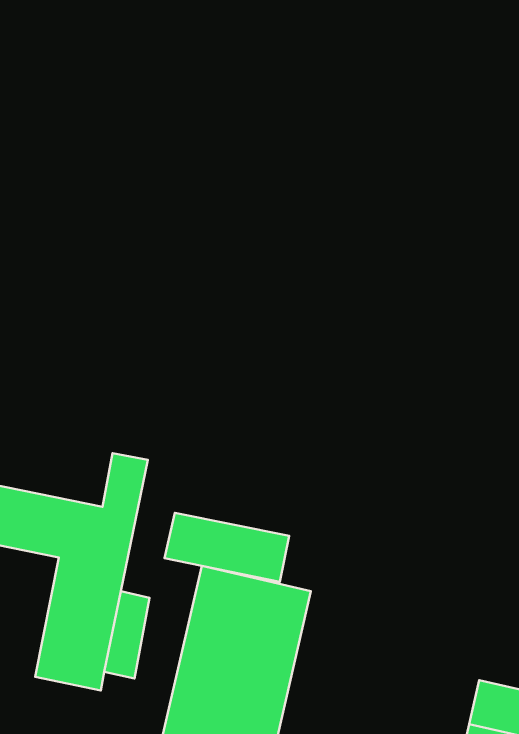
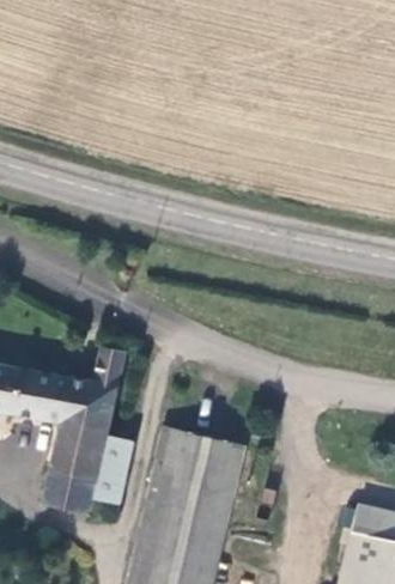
building: [164,513,289,582] -> none

